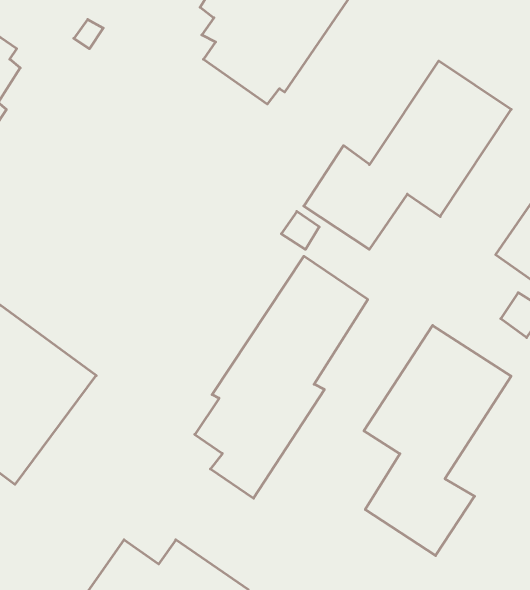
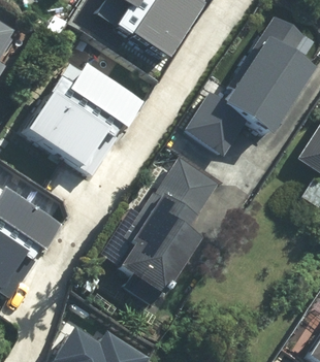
building: none -> [27,57,140,172]
building: [364,325,511,556] -> none

